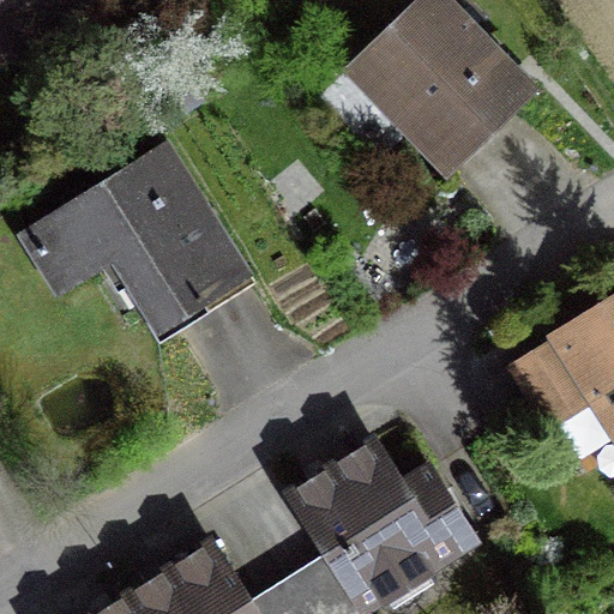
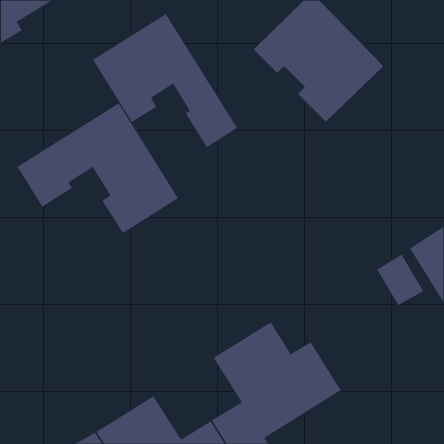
building: none -> [92,13,238,148]

